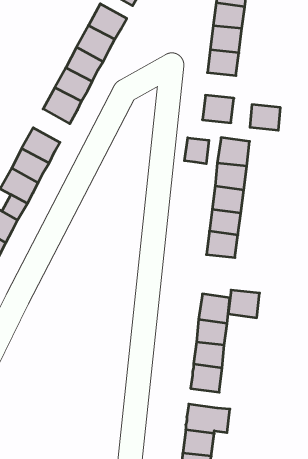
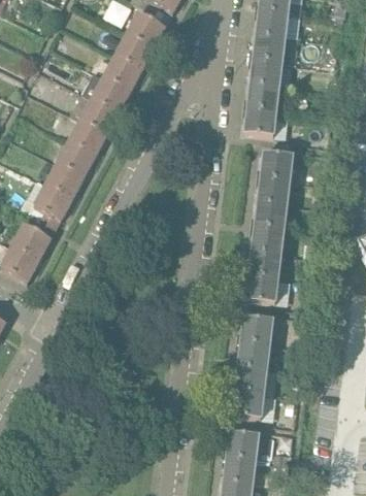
building: [250,105,280,130] -> [247,80,279,107]
building: none -> [67,119,105,154]
building: [184,138,209,164] -> none
building: [228,290,260,318] -> [245,271,278,300]

